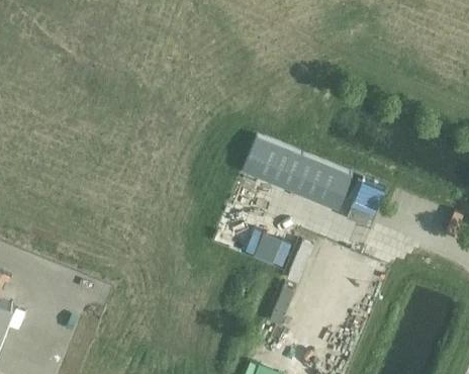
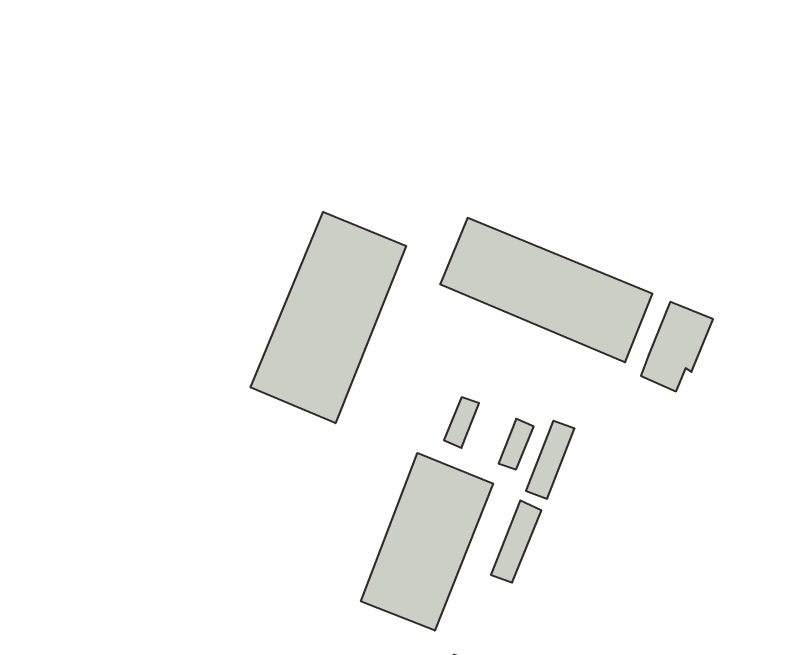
building: none -> [251,212,406,423]
building: none -> [361,453,493,631]

